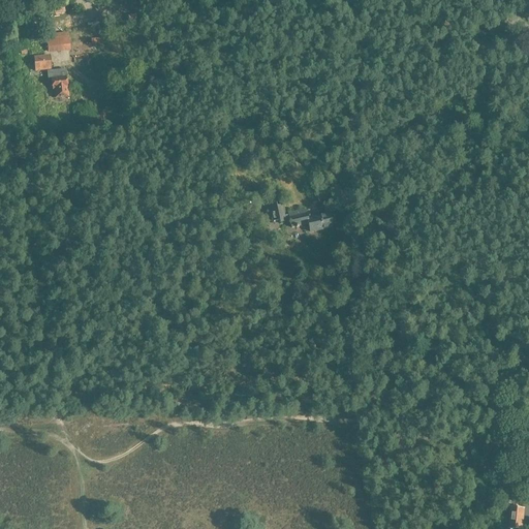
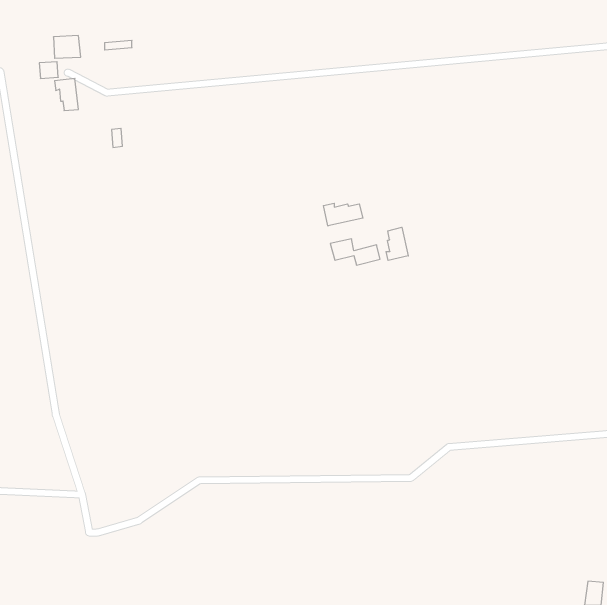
building: none -> [323,203,363,226]
building: none -> [386,227,408,260]

